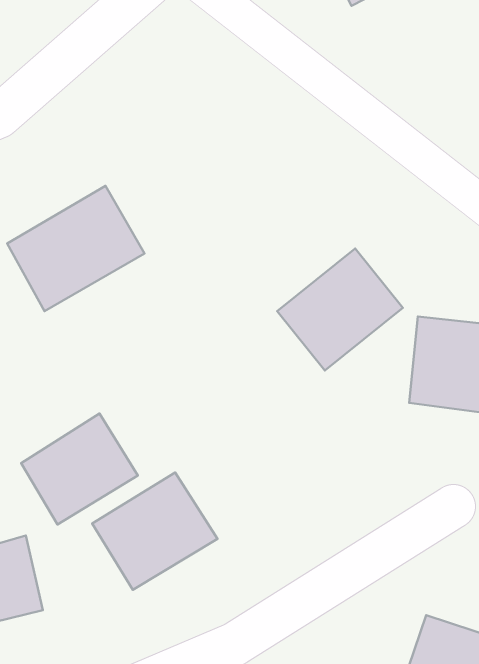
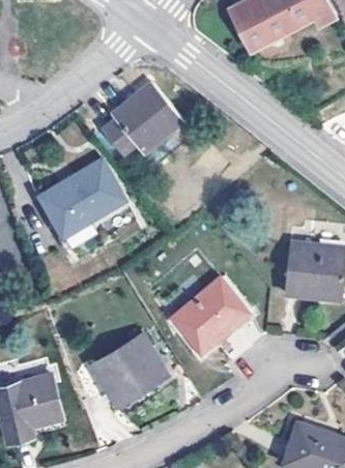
building: none -> [99,83,182,155]
building: [277,248,403,371] -> [171,279,248,353]
building: [21,413,138,525] -> none

